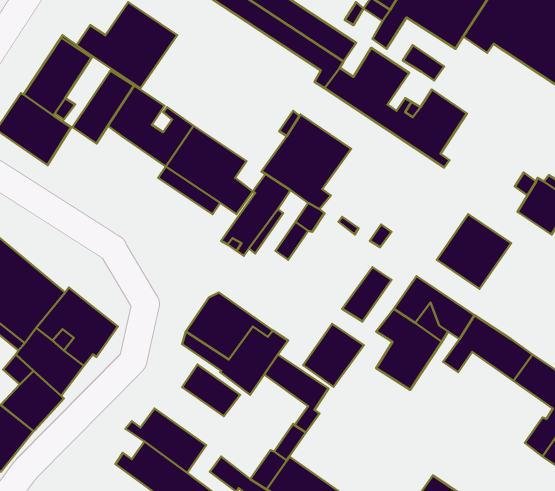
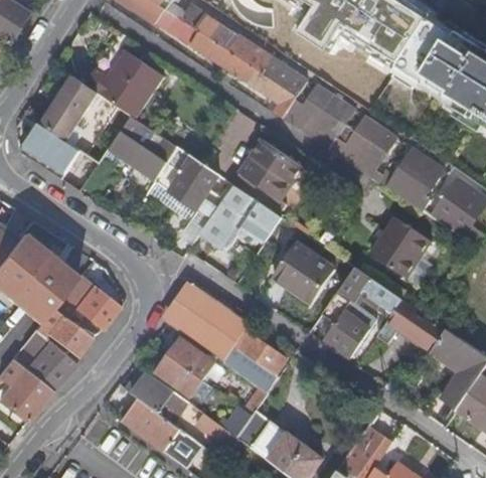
building: none -> [385,146,443,204]
building: [303,324,364,387] -> [272,243,320,293]
building: none -> [156,355,201,396]

